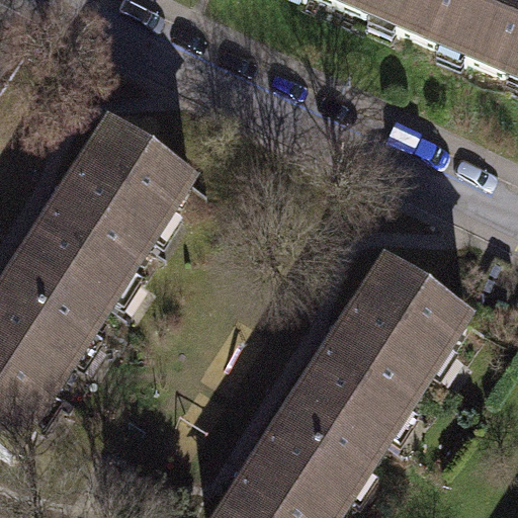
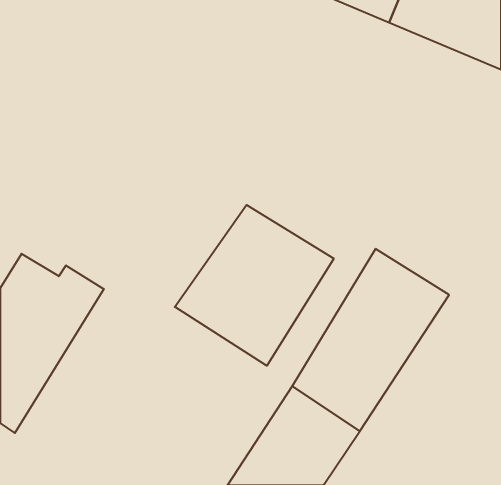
building: [22,122,187,298] -> none
building: none -> [175,205,334,366]

